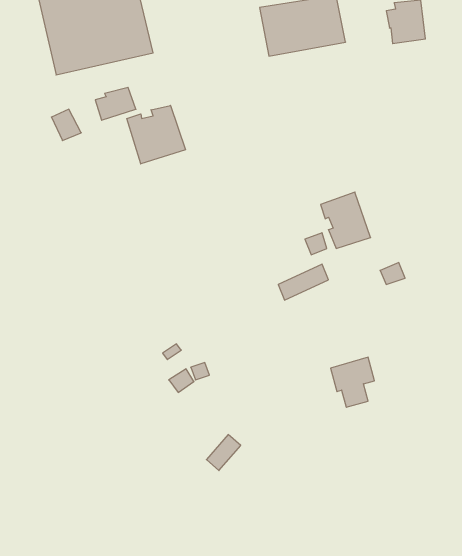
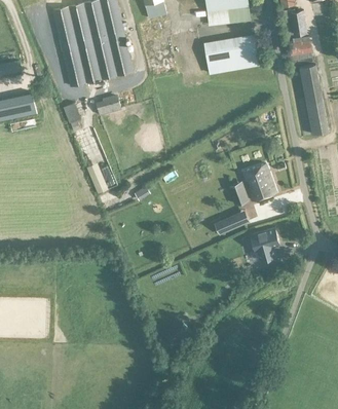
building: none -> [299,65,330,136]
building: [127,105,185,164] -> none
building: [331,357,374,407] -> [251,228,279,261]

